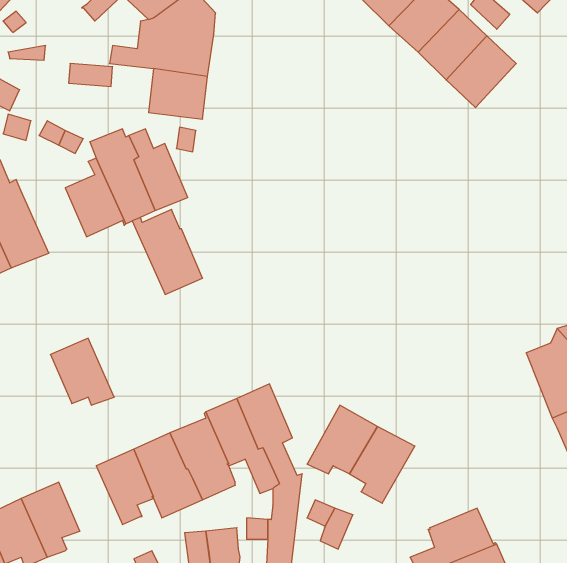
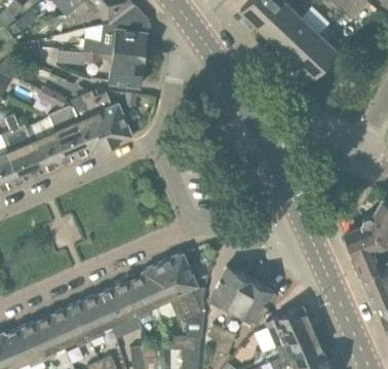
building: [132,209,203,294] -> [24,118,68,172]
building: [50,338,114,405] -> [50,305,90,347]
building: none -> [264,307,313,348]

